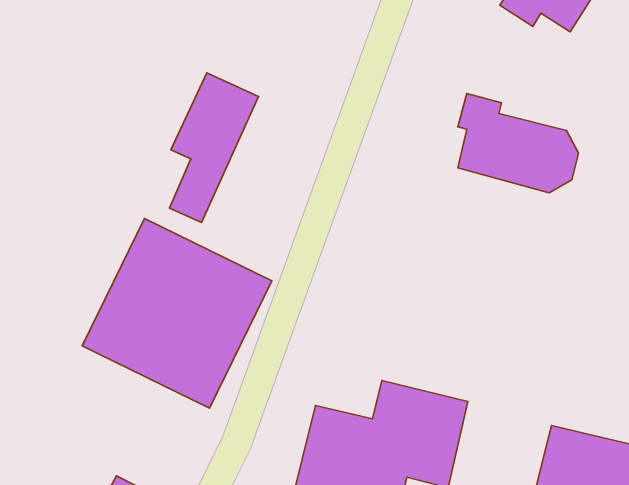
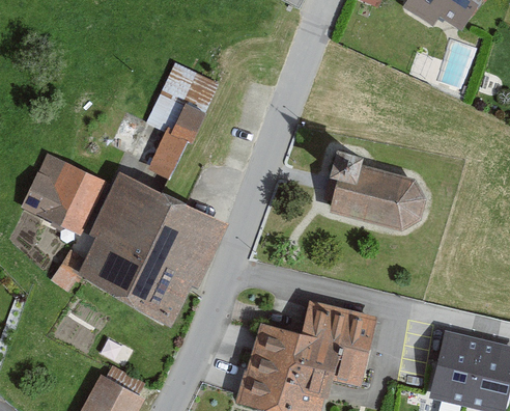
building: [458,94,578,193] -> [327,152,421,229]
building: none -> [21,158,103,239]

